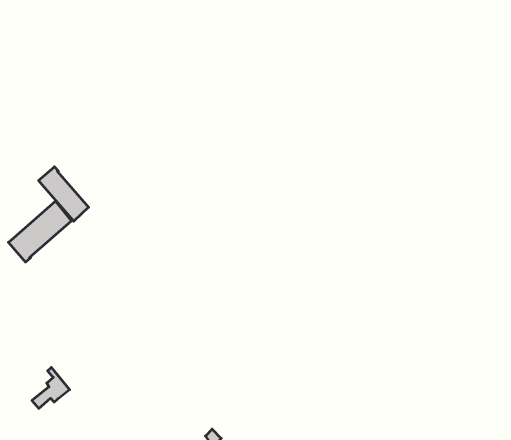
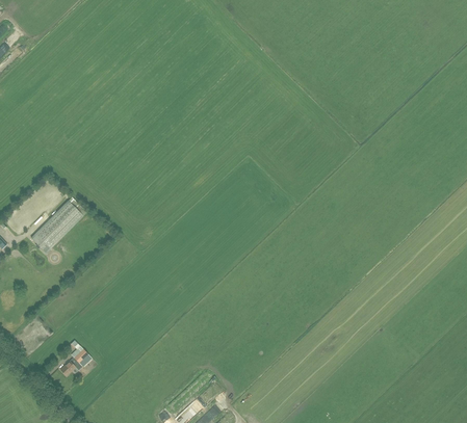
building: [39,167,89,221] -> none

